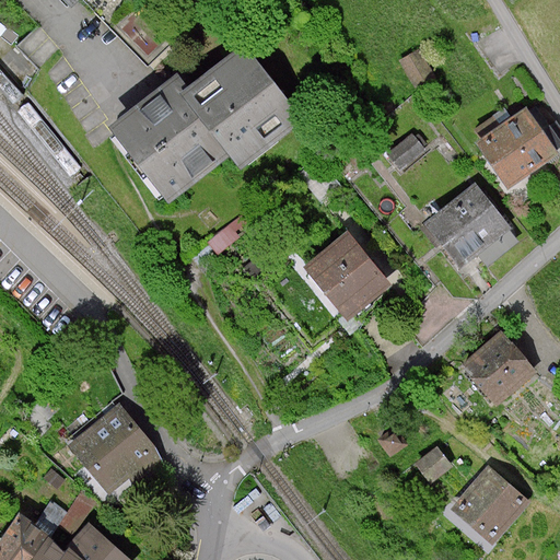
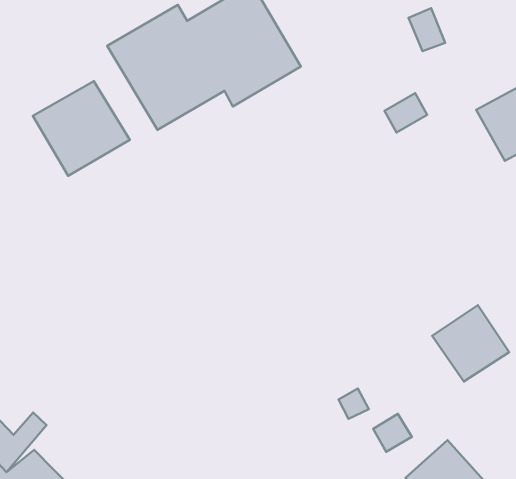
building: none -> [33,81,130,176]
building: [424,183,510,268] -> none
building: [303,231,392,320] -> none
building: [67,404,159,495] -> none

